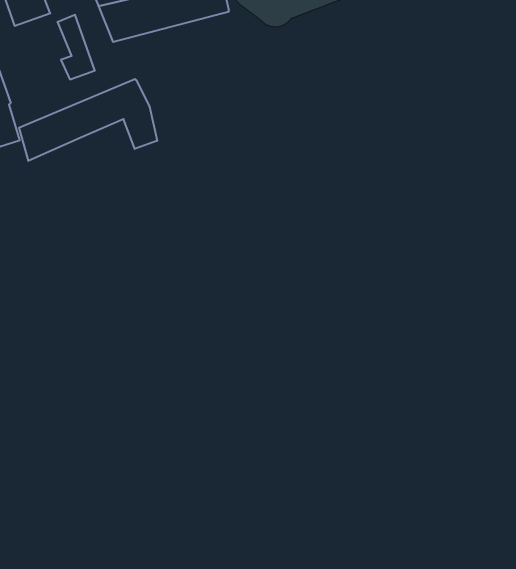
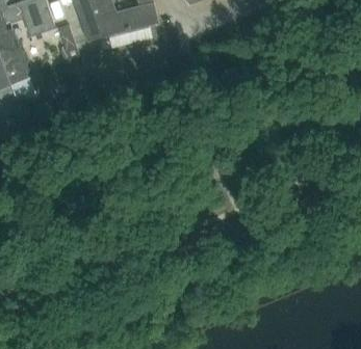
building: [19,79,157,161] -> none

